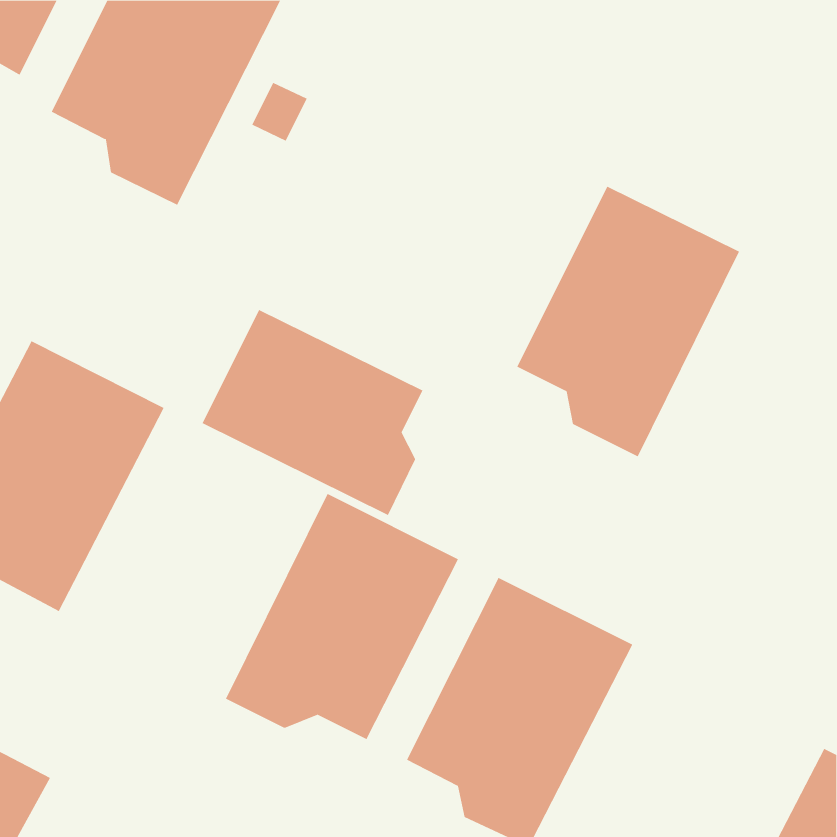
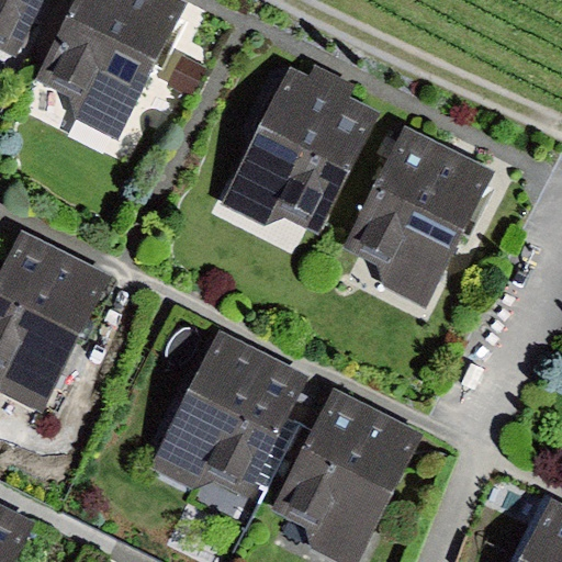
building: none -> [220,65,378,233]
building: [202,309,423,516] -> none

